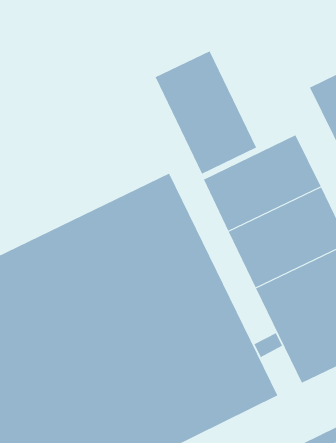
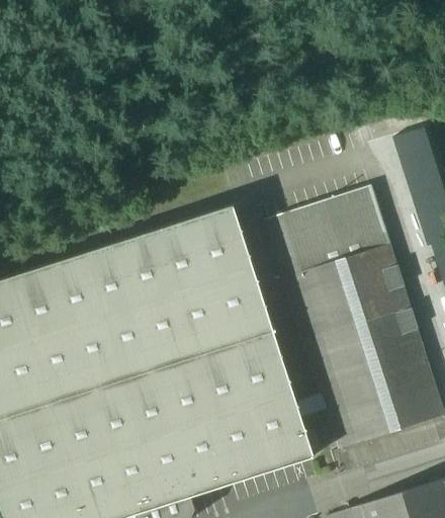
building: [155,50,257,174] -> none

